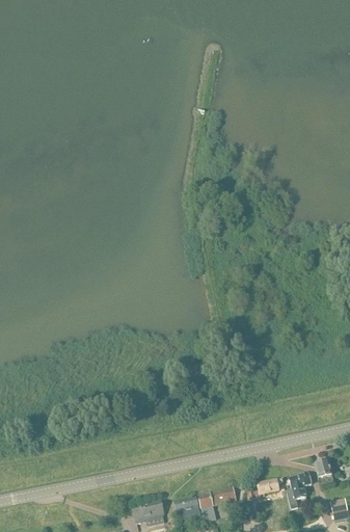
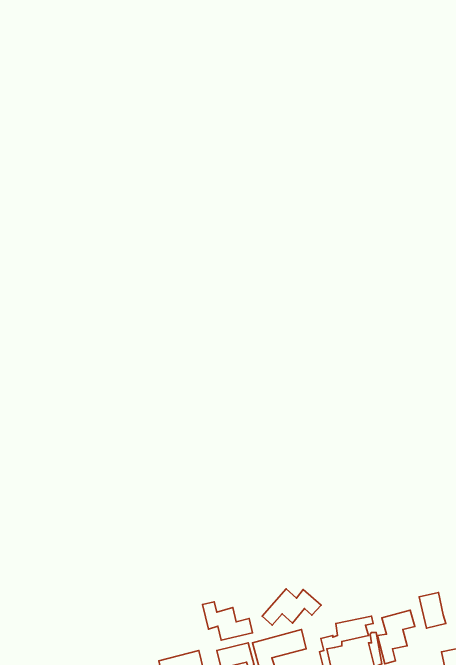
building: none -> [262,589,321,625]
building: none -> [203,602,252,640]

